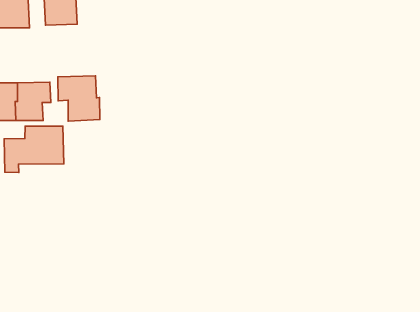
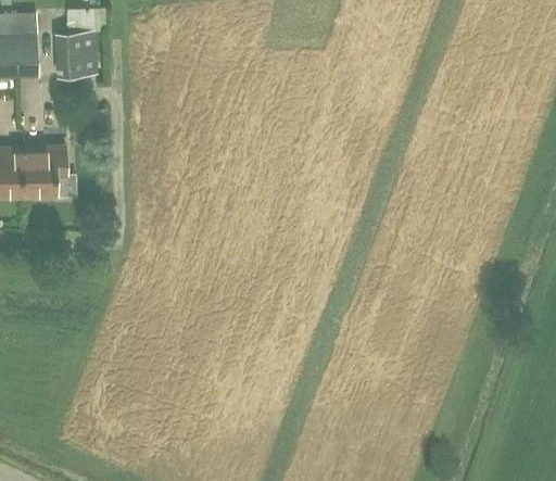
building: [58,76,100,121] -> none
building: [4,126,64,172] -> none

